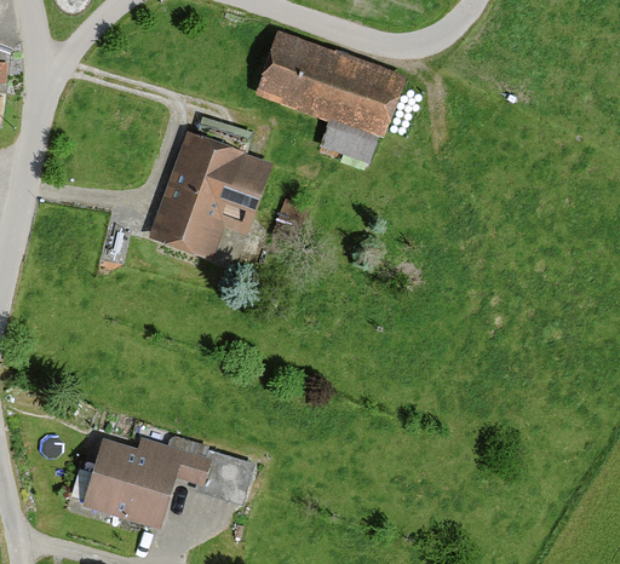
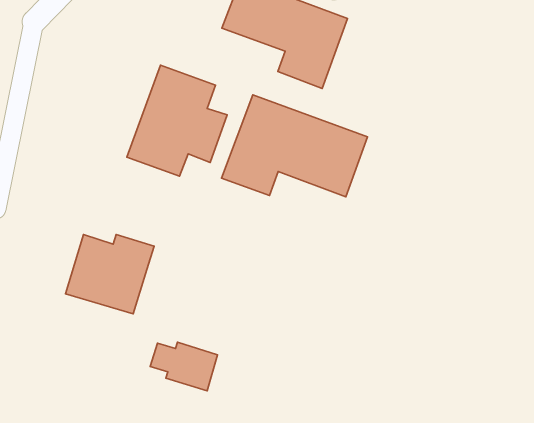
building: none -> [222,95,367,197]
building: [82,437,184,528] -> [66,235,154,314]

